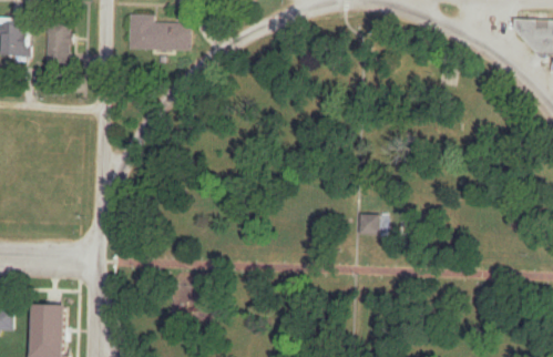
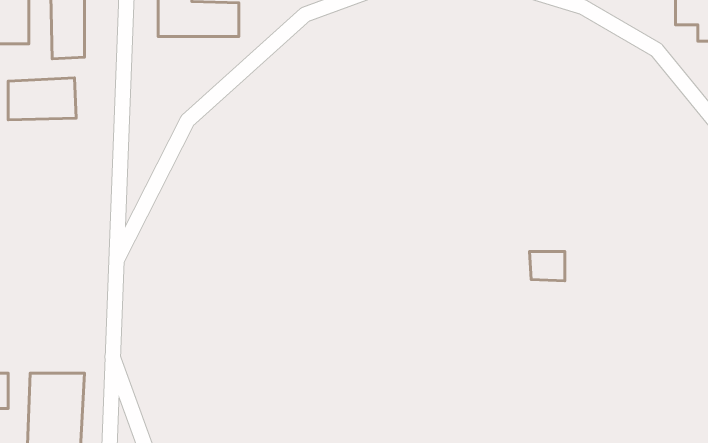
building: none -> [8,78,76,120]
building: [358,214,385,236] -> [530,251,565,281]

